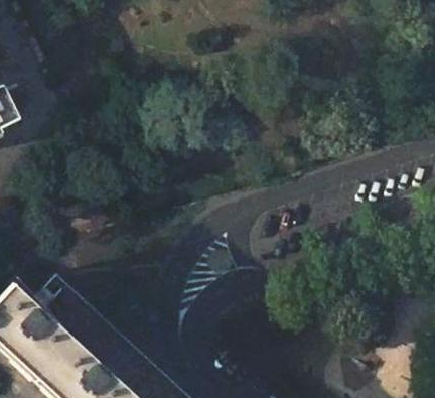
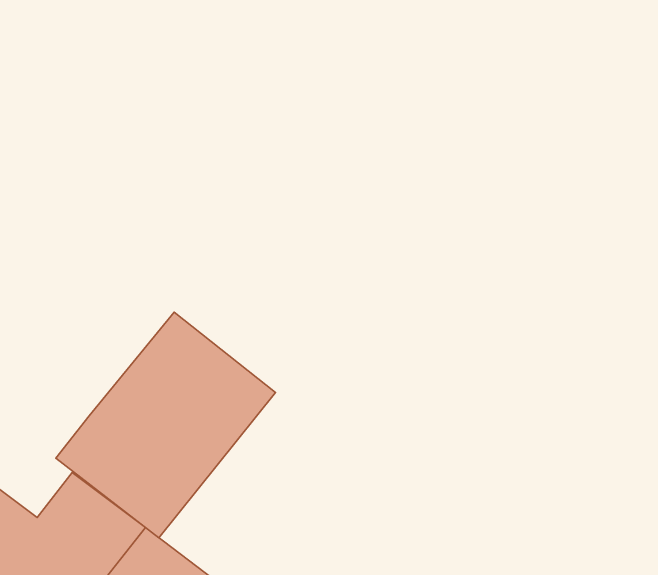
building: none -> [56,312,276,538]

